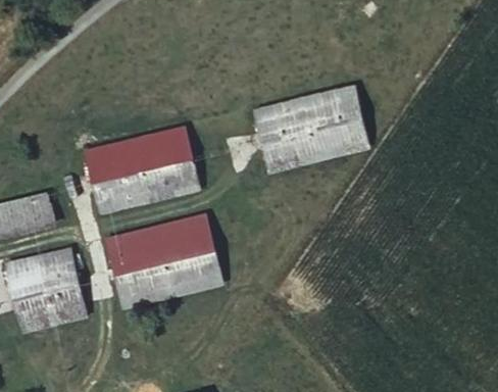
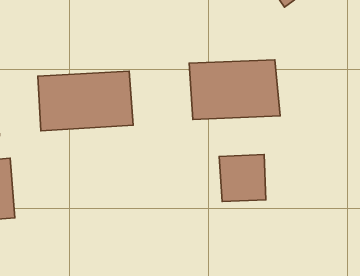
building: none -> [219,155,266,201]
building: [105,216,222,306] -> none

